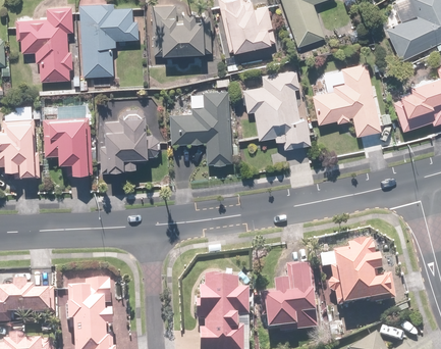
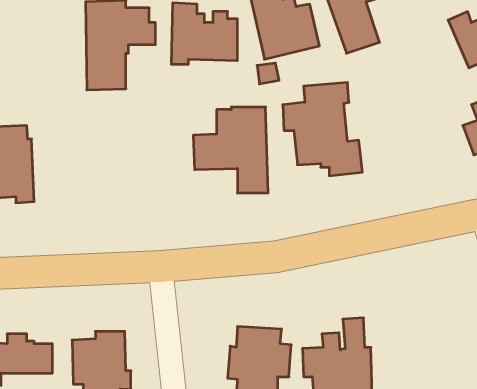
building: [15,6,73,81] -> none
building: [312,62,389,137] -> none
building: [100,114,149,170] -> none
building: [45,115,91,172] -> none
building: [327,240,396,306] -> none

